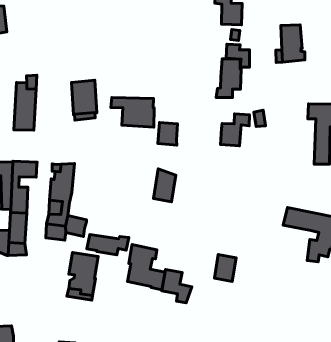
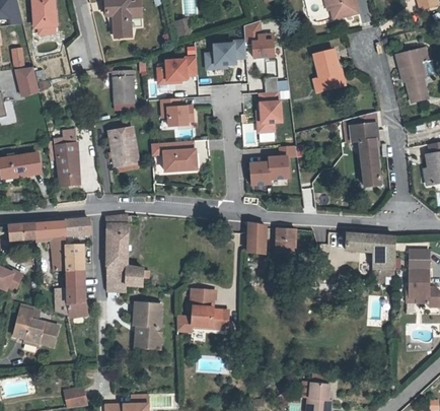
building: none -> [205,39,246,69]
building: none -> [158,57,198,84]
building: none -> [112,69,136,104]
building: none -> [162,98,195,127]
building: [158,123,178,145] -> [248,161,269,184]
building: [154,169,176,202] -> [244,222,264,254]
building: [87,234,129,255] -> none
building: [214,254,236,281] -> [273,228,292,254]
building: [162,270,192,303] -> none

